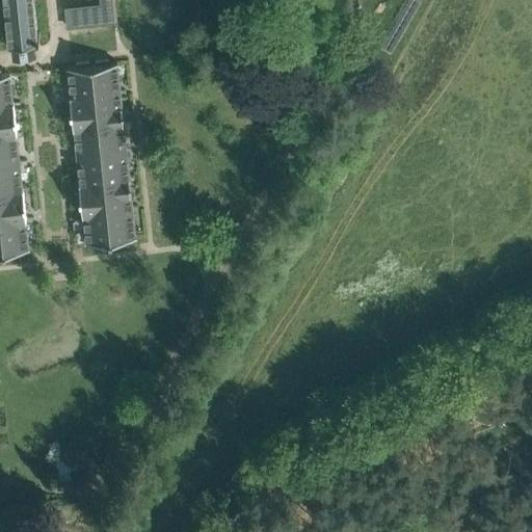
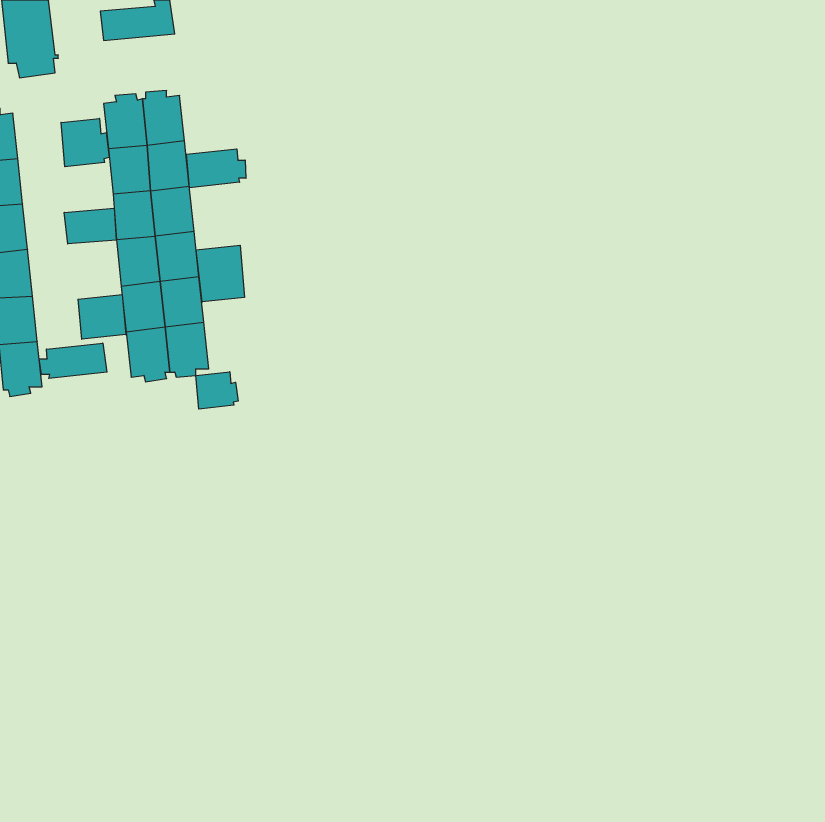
building: none -> [61,118,109,167]
building: none -> [187,149,246,188]
building: none -> [64,208,116,244]
building: none -> [196,245,244,302]
building: none -> [78,294,126,339]
building: none -> [39,343,107,378]
building: none -> [196,372,238,409]

